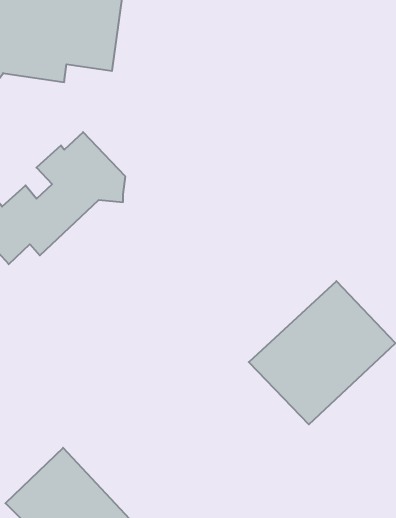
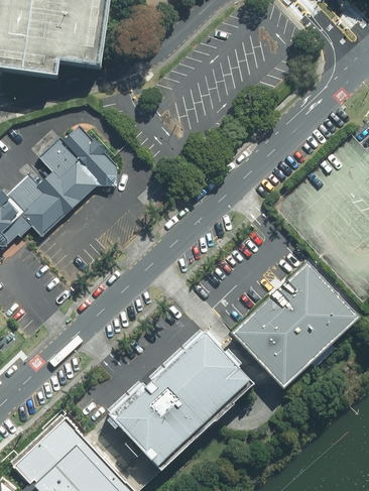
building: none -> [111,331,249,467]

